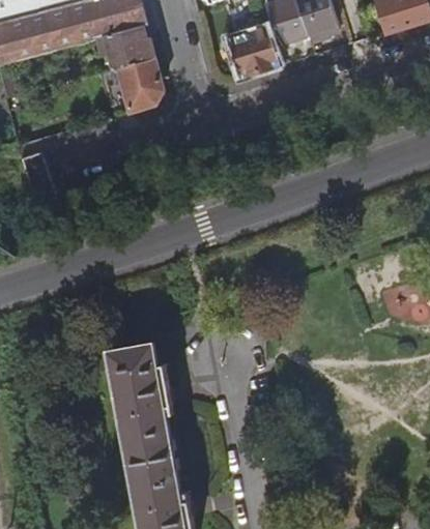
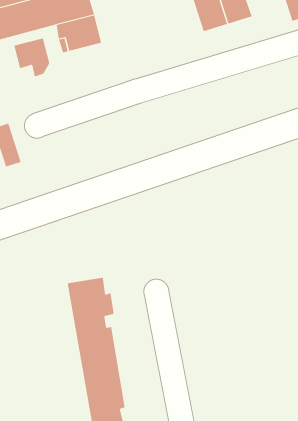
building: [226,29,277,79] -> none
building: [115,59,160,107] -> [14,38,50,77]

